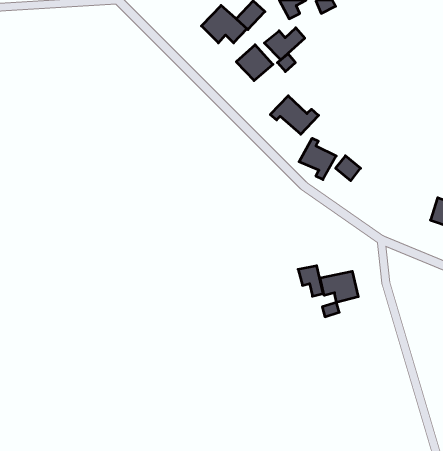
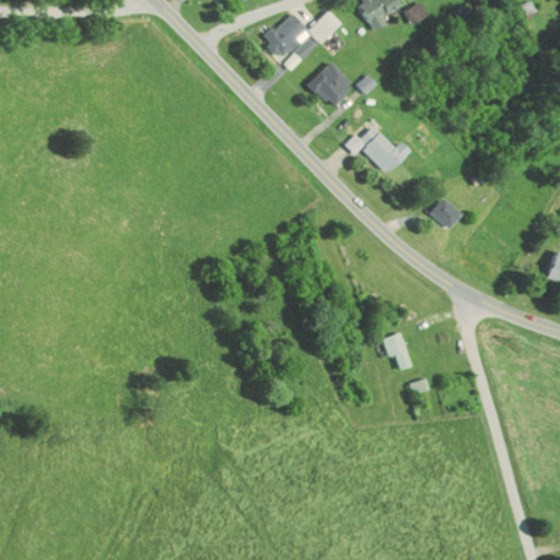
building: [264,28,305,60] -> none
building: [299,138,336,180] -> none
building: [320,271,358,302] -> none

